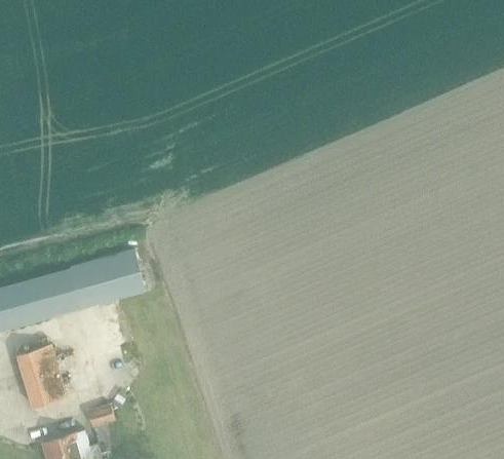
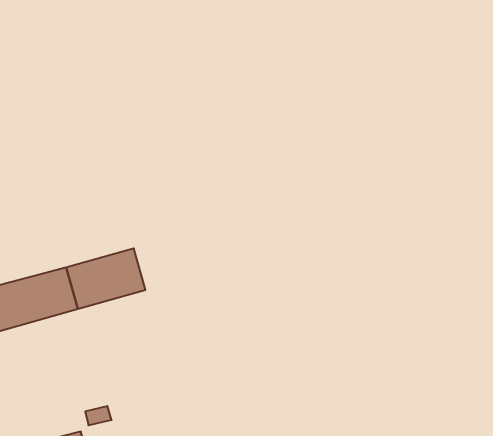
building: [16,346,65,410] -> none

